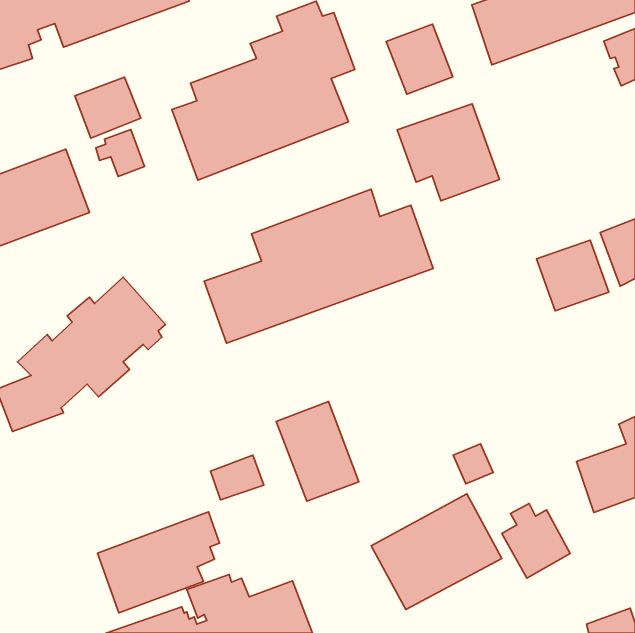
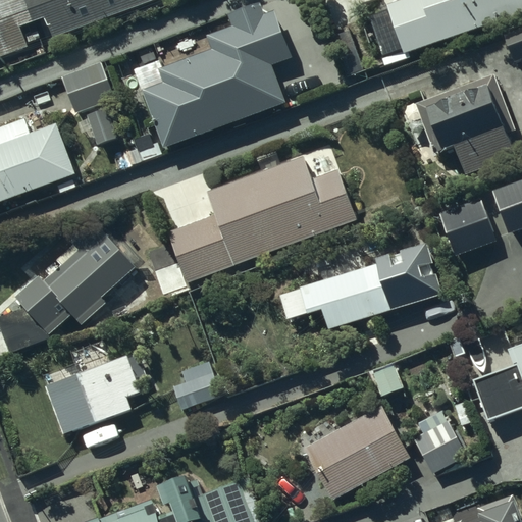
building: [386,24,453,94] -> none
building: [397,104,499,201] -> [425,86,509,165]
building: none -> [279,242,441,329]
building: [276,401,359,501] -> none
building: [98,512,220,613] -> [45,352,145,434]

